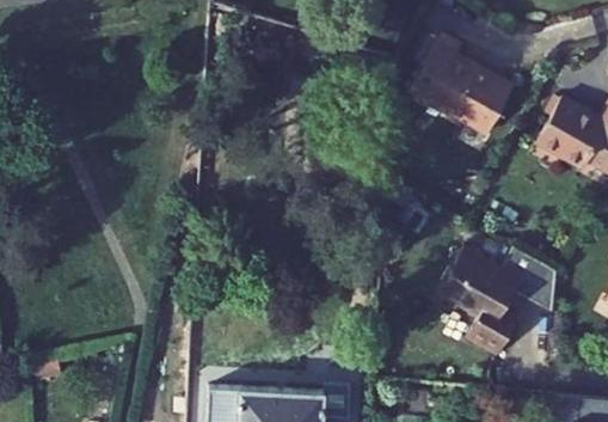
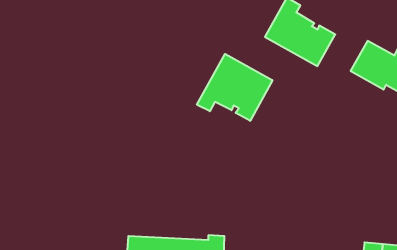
building: none -> [197,54,272,121]
building: [437,247,554,354] -> none

